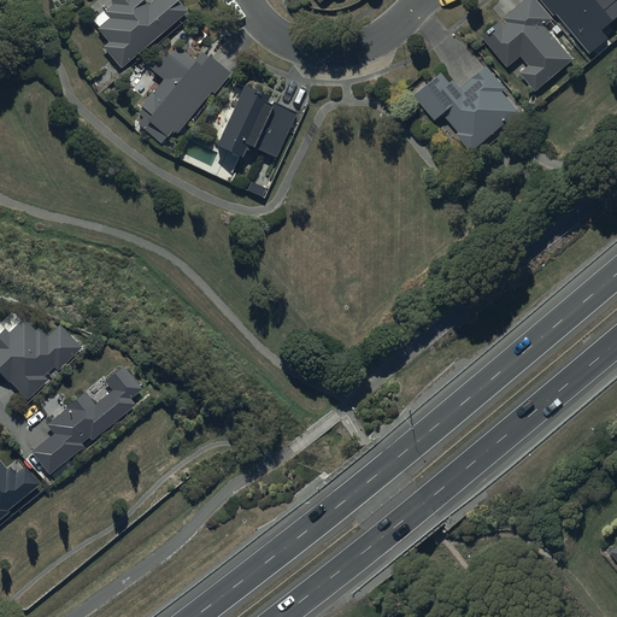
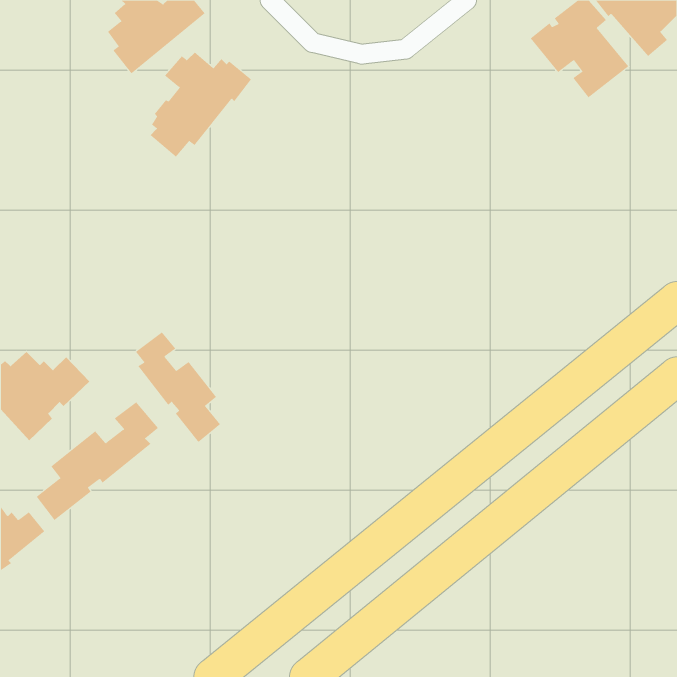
building: [415,65,518,152] -> none
building: [215,84,294,155] -> none
building: none -> [135,332,221,443]

